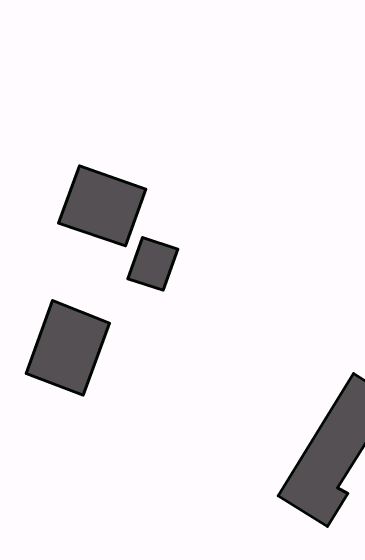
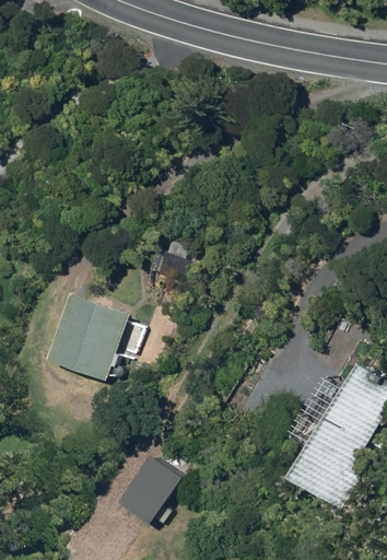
building: [58,166,146,246] -> none
building: none -> [109,456,174,524]

